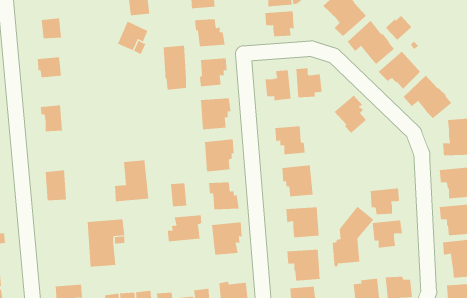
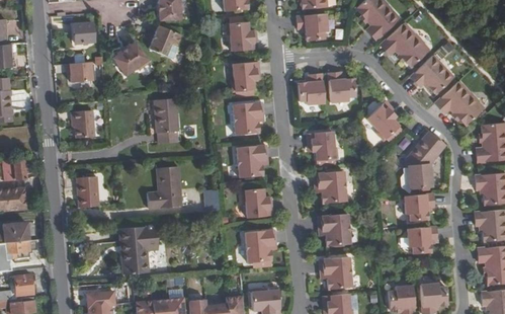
building: [385,15,412,41] -> none
building: none -> [112,42,148,74]
building: [163,45,187,90] -> [153,97,177,143]
building: [332,206,374,267] -> [403,130,445,191]
building: [167,215,202,242] -> none

